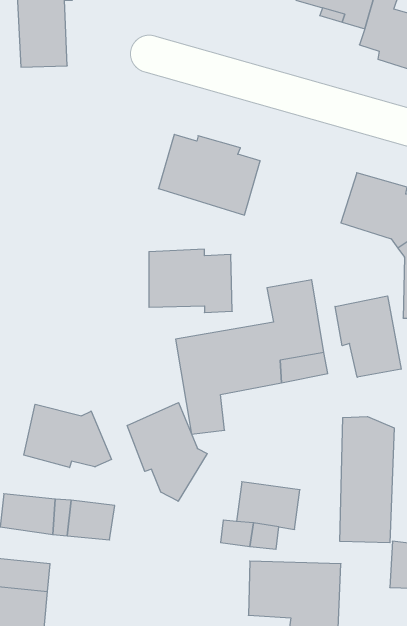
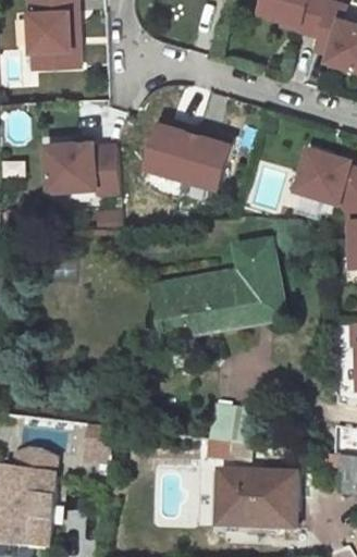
building: [149,249,232,313] -> [47,139,115,191]
building: [335,296,401,377] -> none
building: [127,403,207,501] -> none
building: [24,404,112,468] -> none
building: [340,417,394,543] -> none

